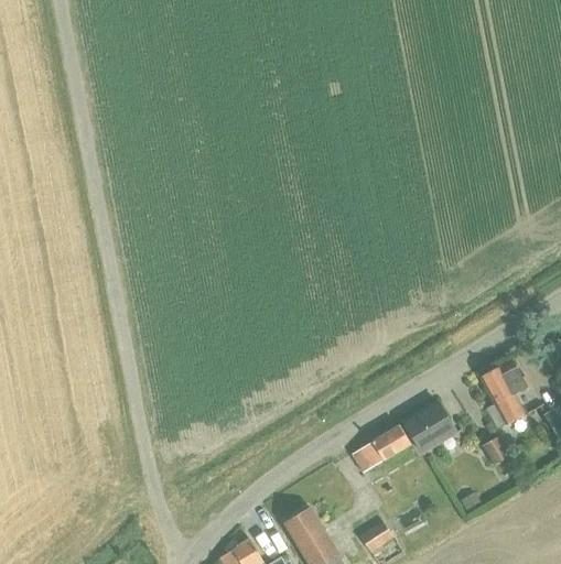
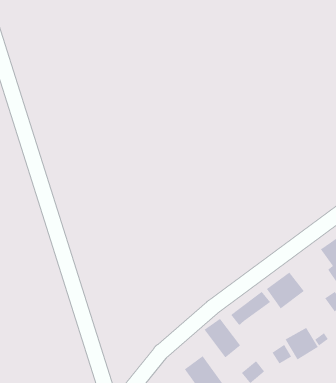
building: none -> [204,318,241,359]
building: none -> [285,327,319,360]

